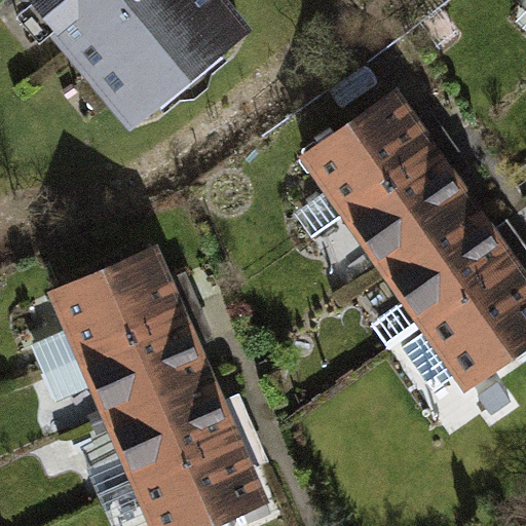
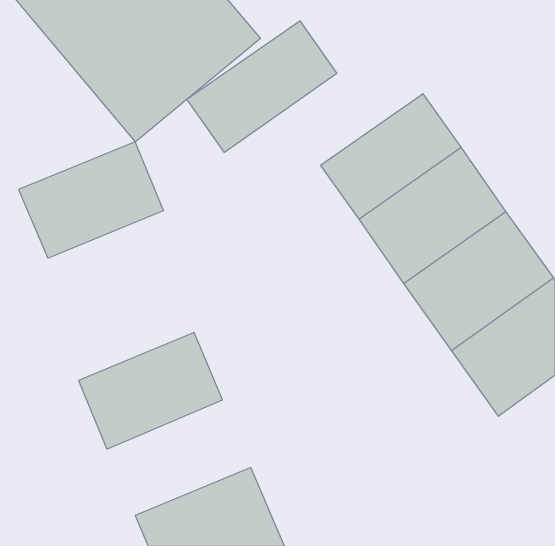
building: none -> [187,21,337,152]
building: [46,249,183,359] -> [19,142,164,258]
building: [101,377,236,486] -> none

